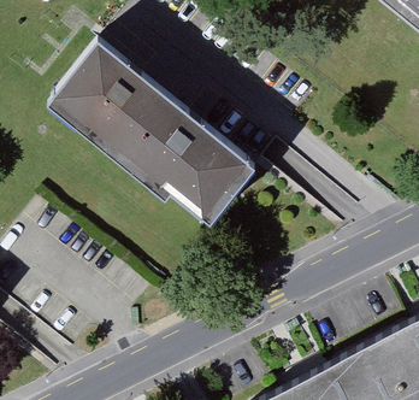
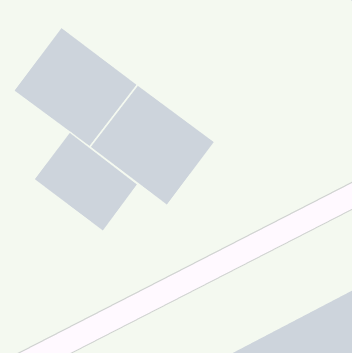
building: none -> [34,132,138,232]

